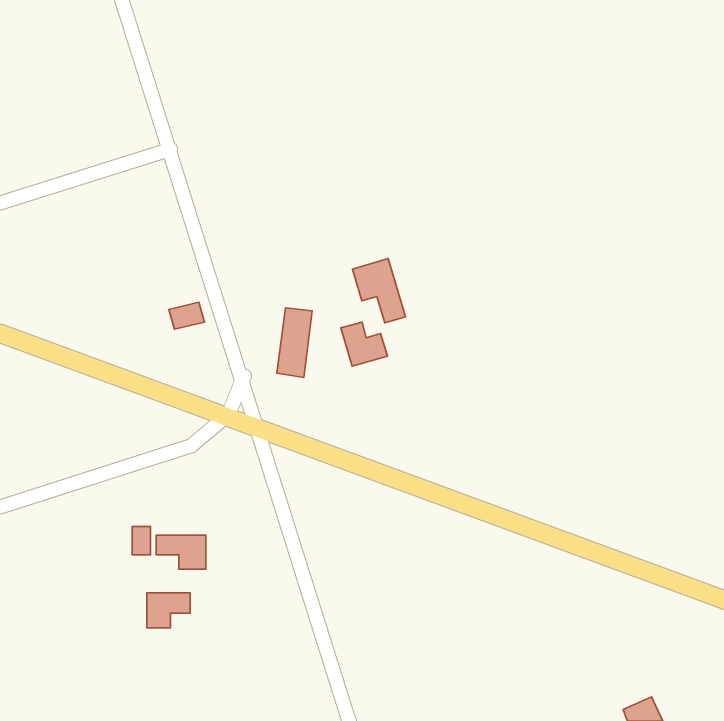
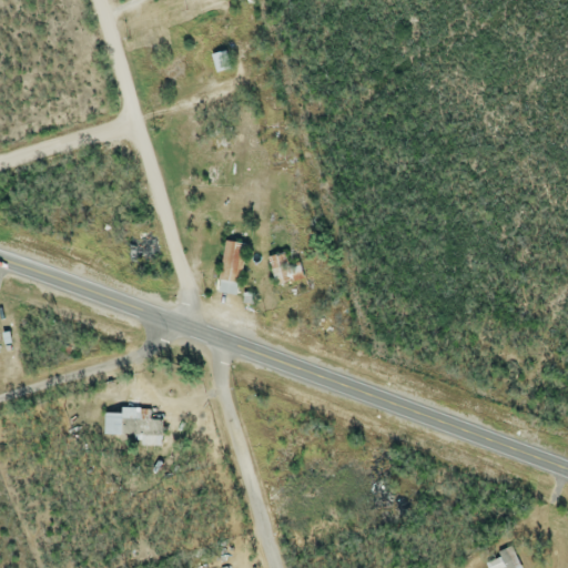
building: [353,259,405,323] -> none
building: [147,593,190,628] -> none

